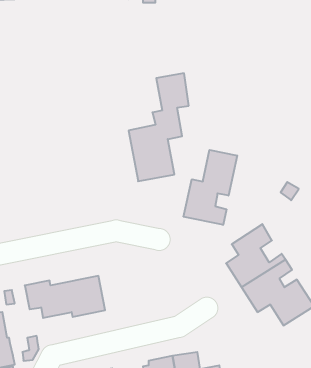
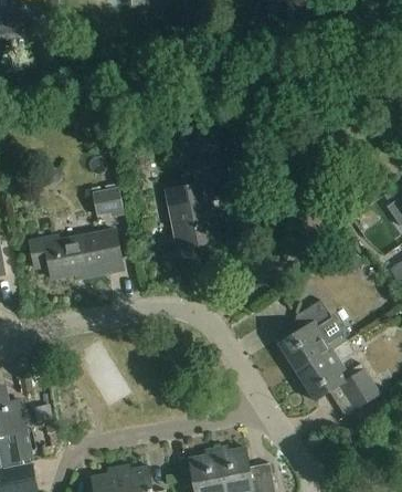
building: none -> [92,187,123,216]
building: [184,150,237,225] -> none
building: [25,276,105,318] -> [30,229,123,278]

